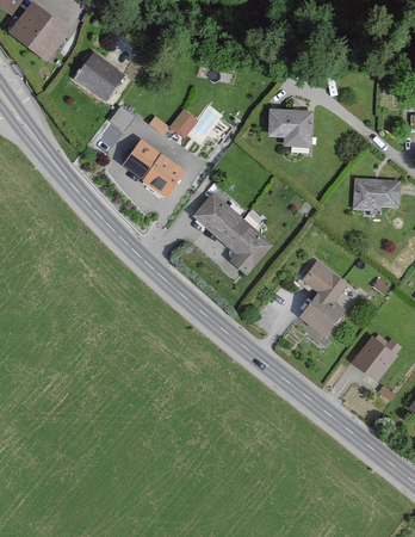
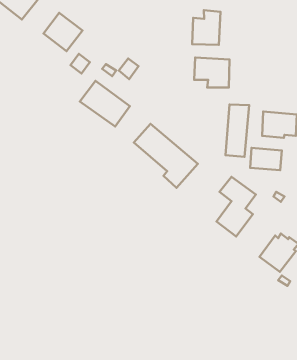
building: none -> [192,10,221,45]
building: none -> [225,104,249,157]
building: none -> [250,148,282,170]

